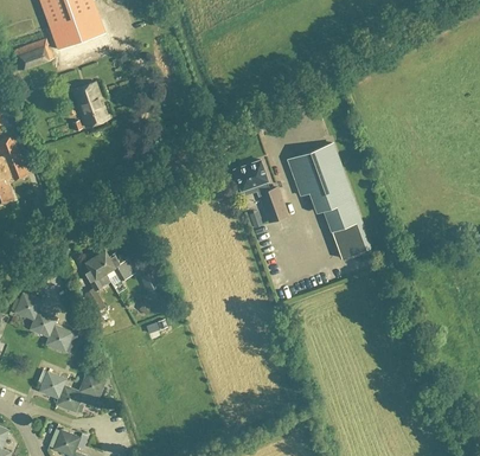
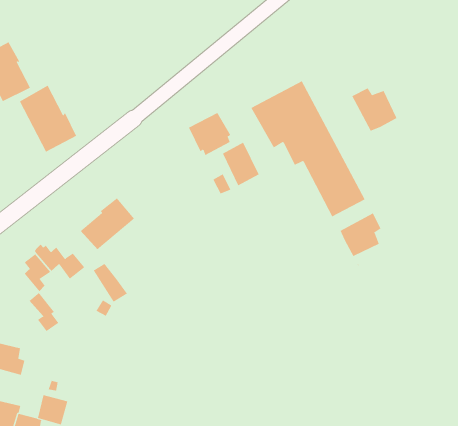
building: none -> [19,85,77,152]
building: none -> [352,88,407,132]
building: none -> [80,197,135,250]
building: none -> [340,213,381,266]

